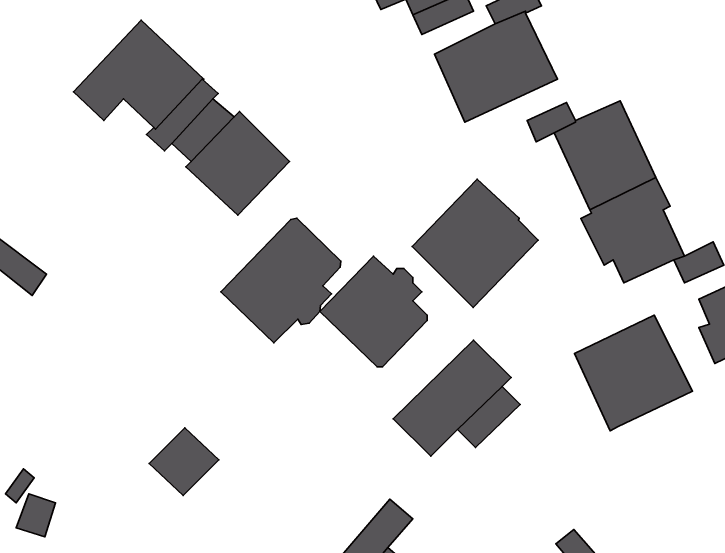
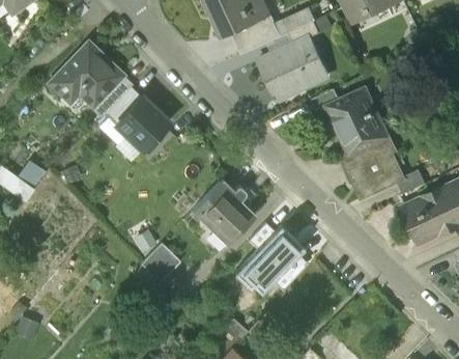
building: [412,179,538,308] -> none
building: [221,218,341,343] -> none
building: [575,315,692,431] -> none
building: [149,428,219,496] -> [140,244,180,283]

